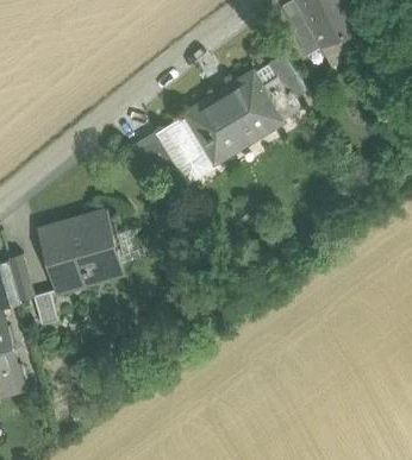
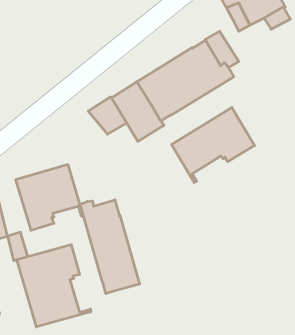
building: none -> [172,107,255,183]
building: none -> [80,200,140,294]
building: none -> [17,245,91,327]

